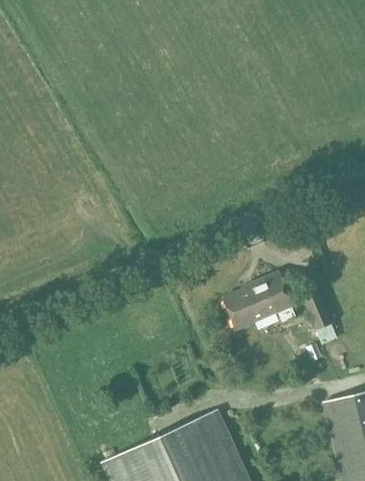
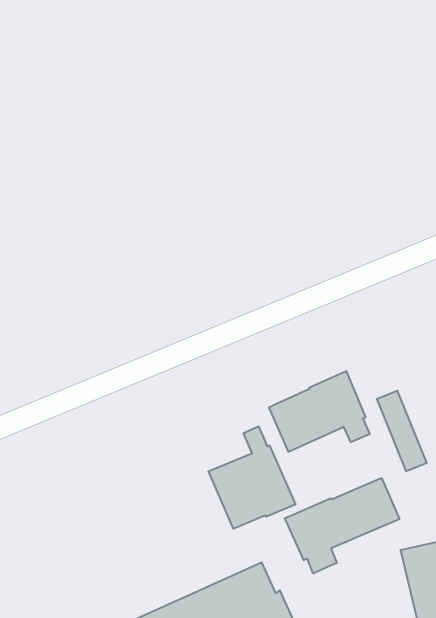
building: none -> [208,426,296,529]
building: none -> [285,478,399,573]

